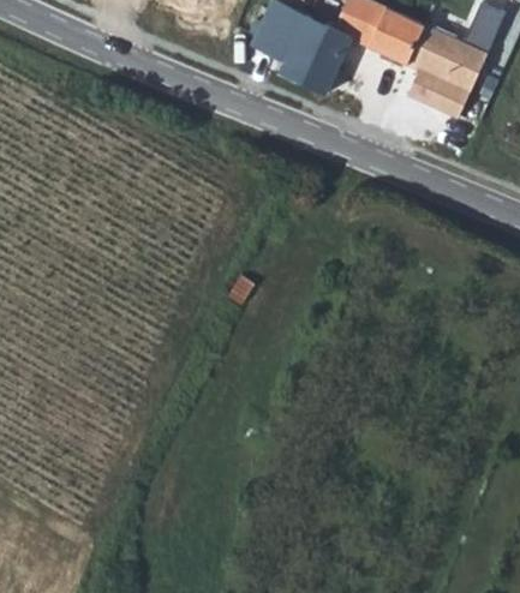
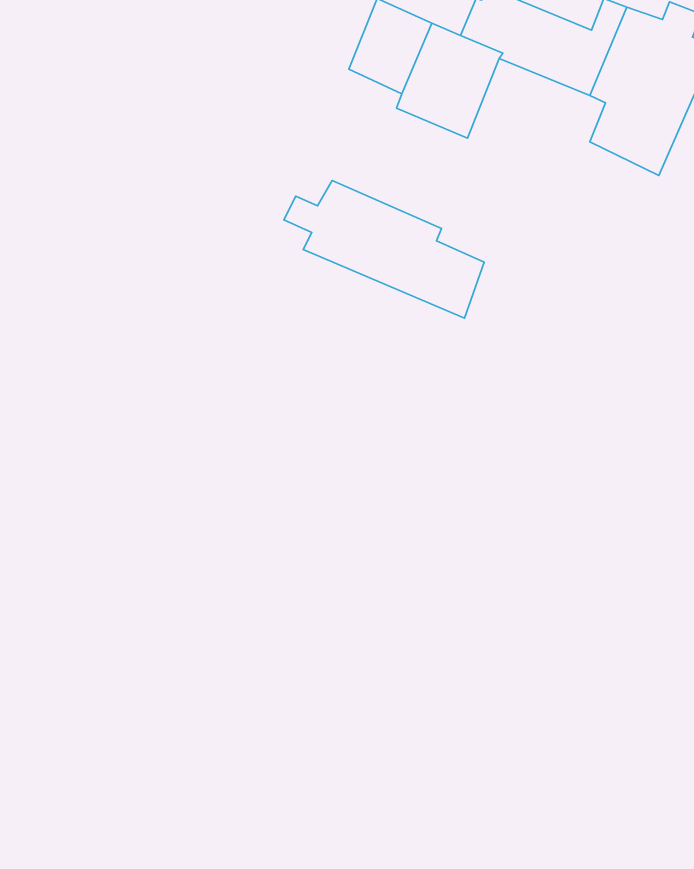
building: none -> [284,181,484,318]

